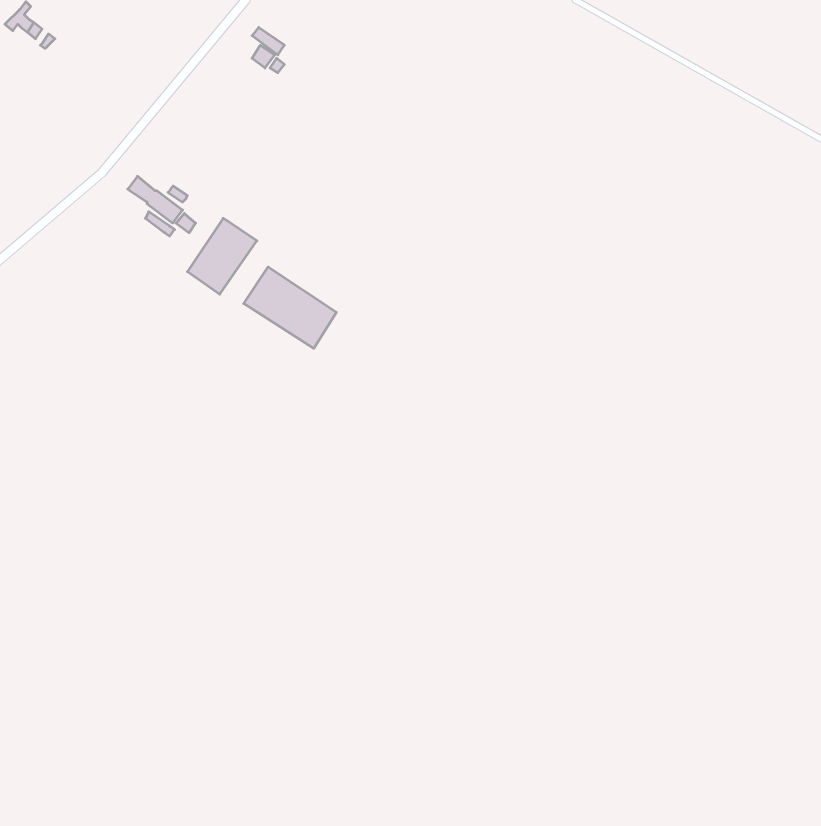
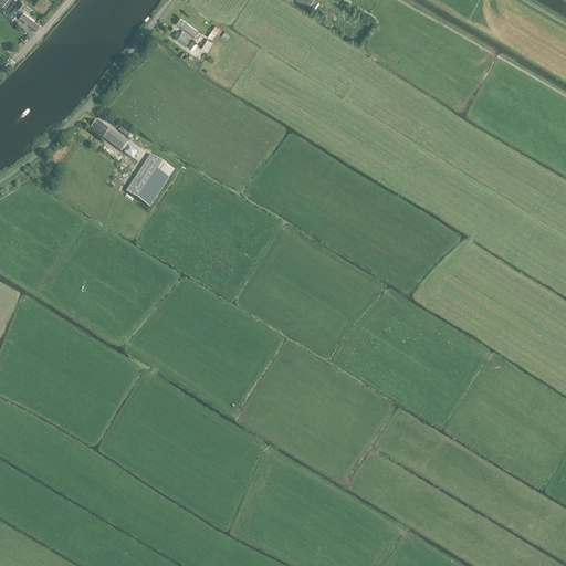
building: [244,267,336,348] -> none

